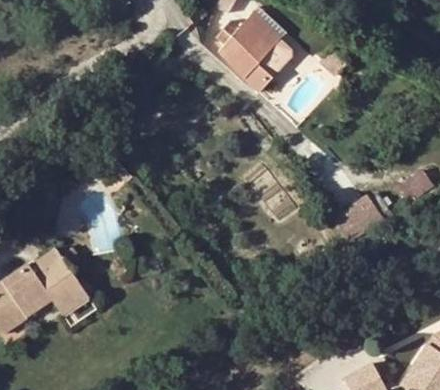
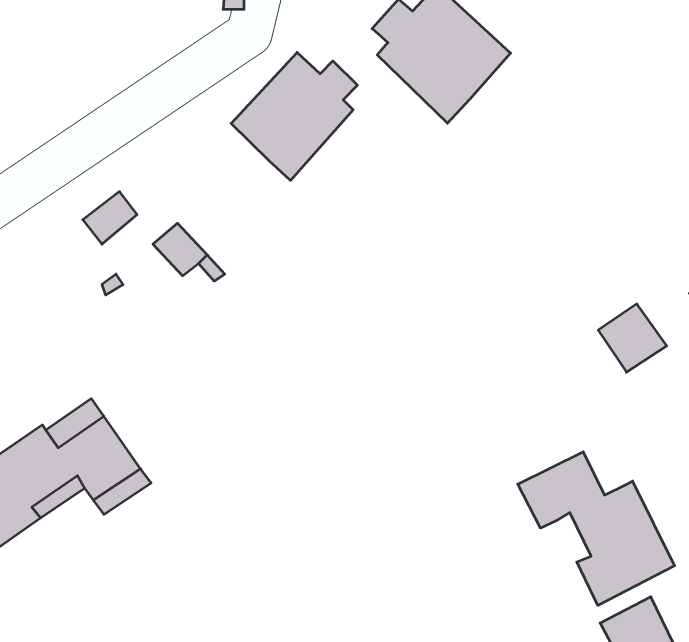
building: none -> [231,52,357,180]
building: none -> [518,452,675,605]

